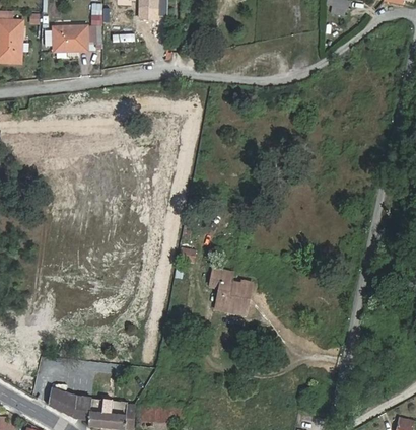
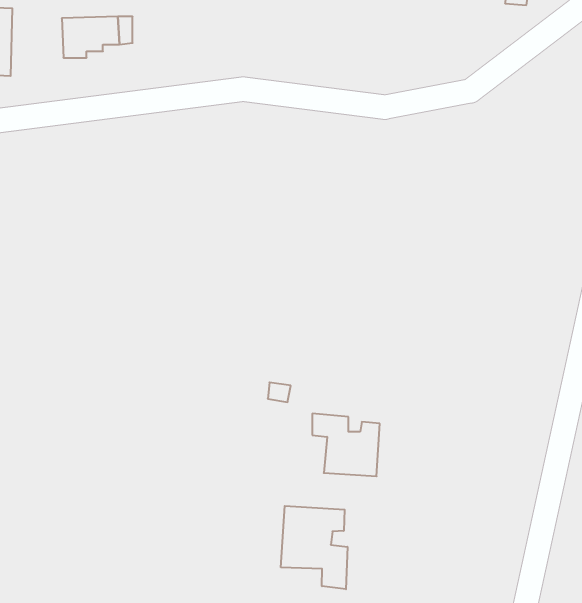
building: none -> [281,506,347,589]

